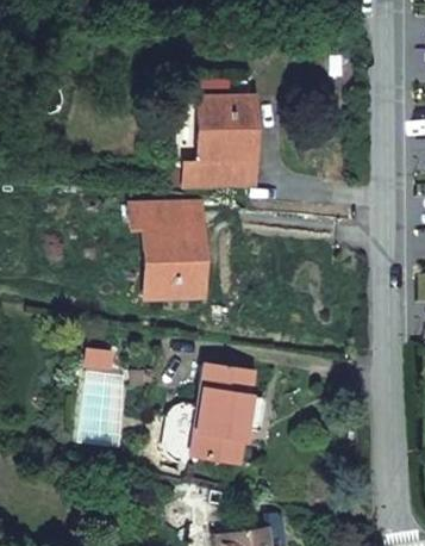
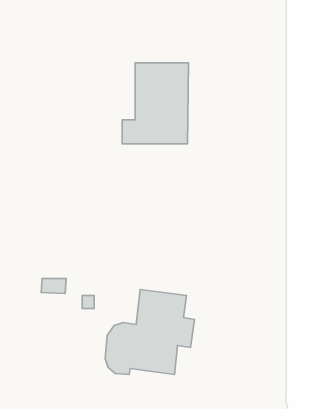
building: [127,199,206,300] -> none

